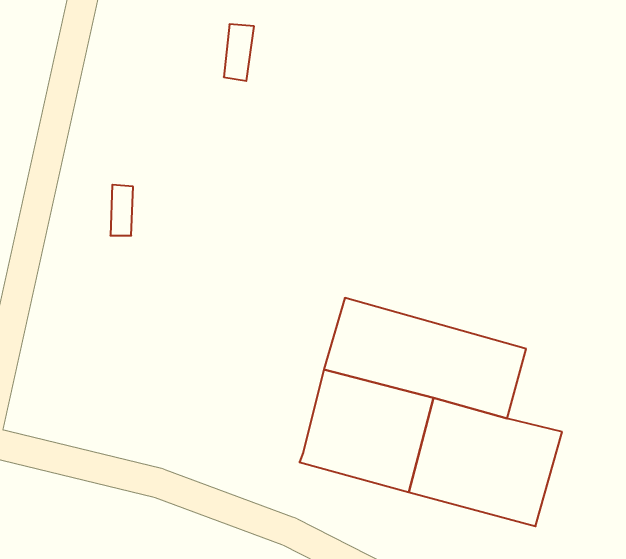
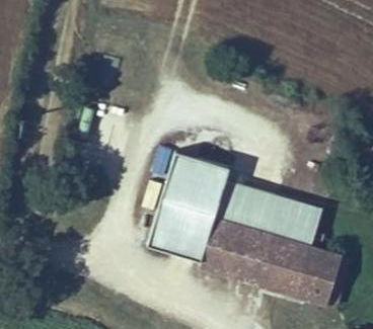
building: none -> [144,152,225,262]

